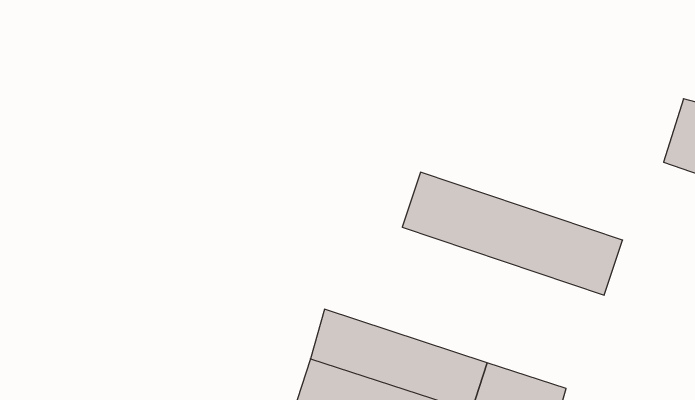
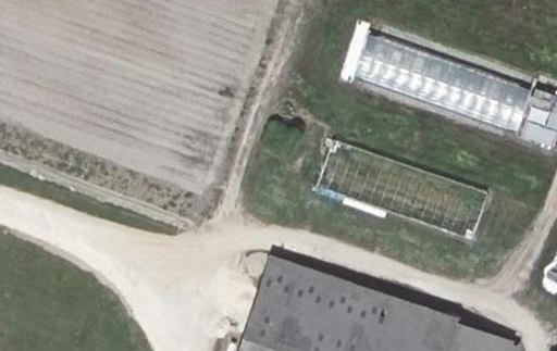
building: none -> [363,38,543,136]

